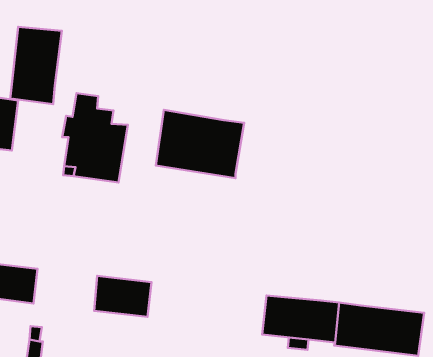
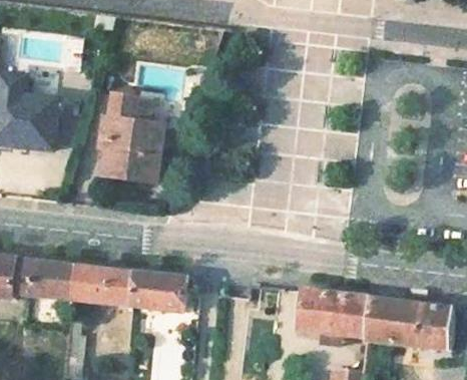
building: [10,27,62,104] -> none
building: [156,110,244,178] -> none
building: none -> [70,265,132,306]

